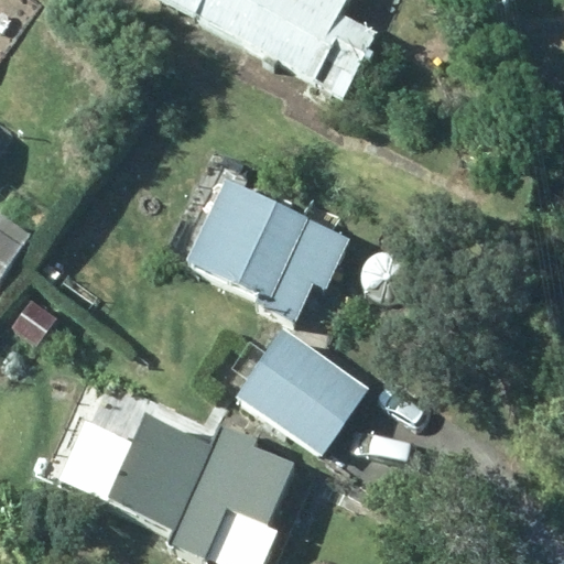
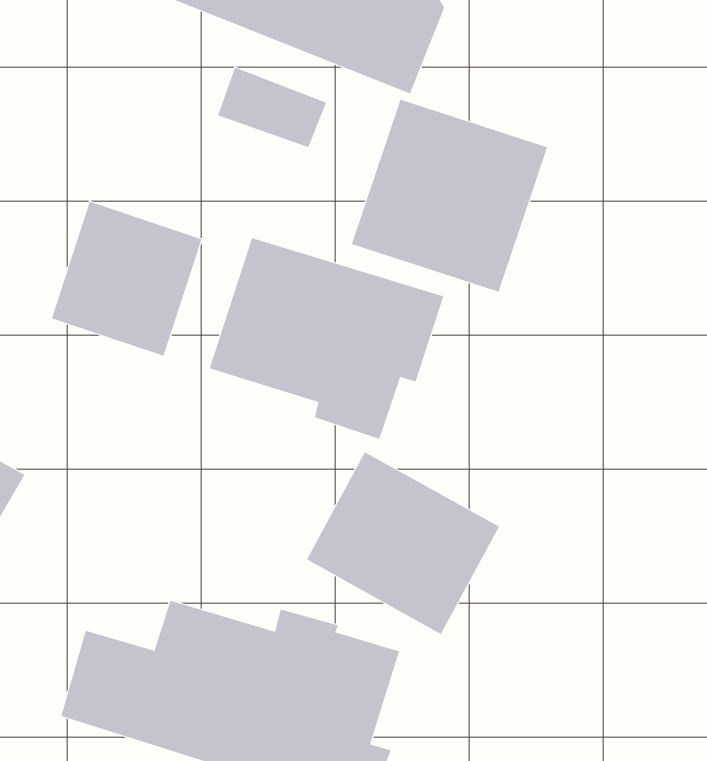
building: none -> [351,99,548,292]
building: none -> [51,201,202,357]

